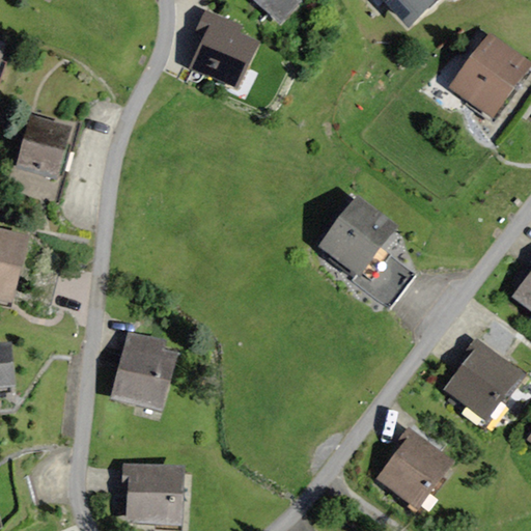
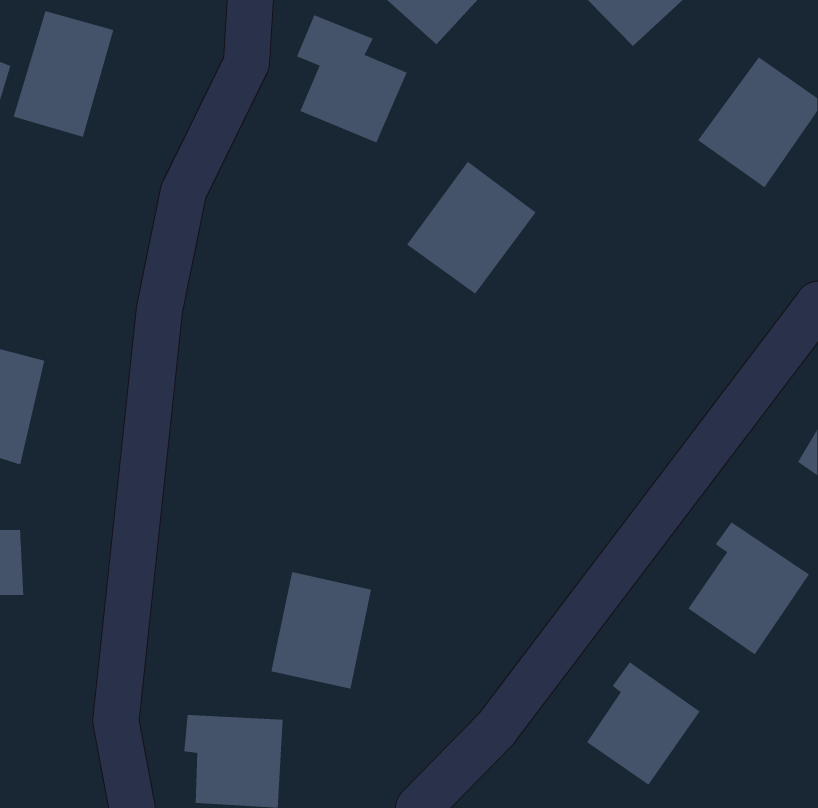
building: [7,113,73,195] -> [13,11,114,138]
building: [316,191,400,277] -> [406,161,537,295]
building: [111,332,176,408] -> [271,572,372,689]

